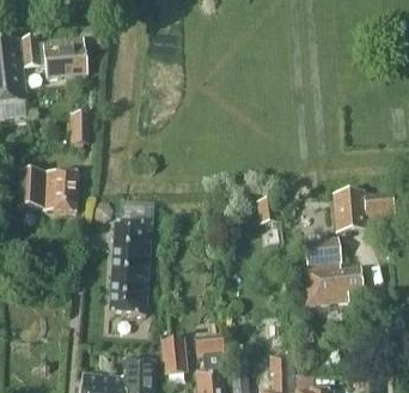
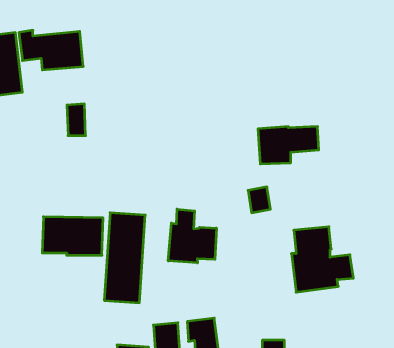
building: [16,169,78,208] -> [42,217,103,255]
building: [331,191,393,229] -> [258,127,319,164]
building: none -> [168,209,216,263]

